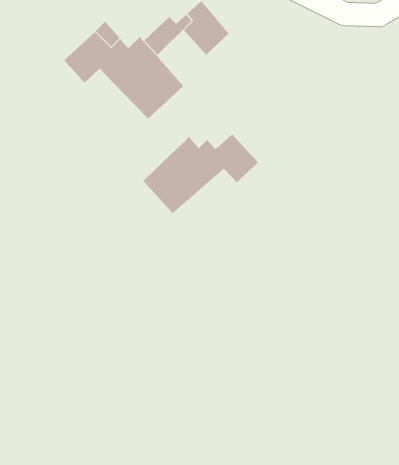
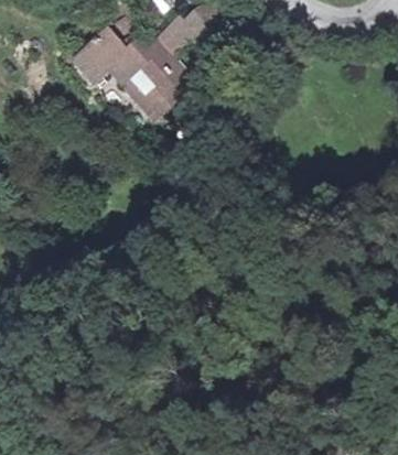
building: [142,134,259,214] -> none

